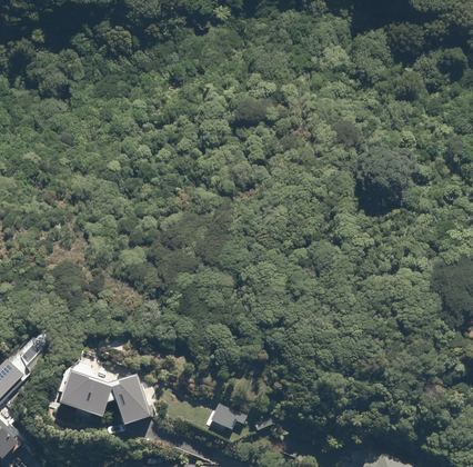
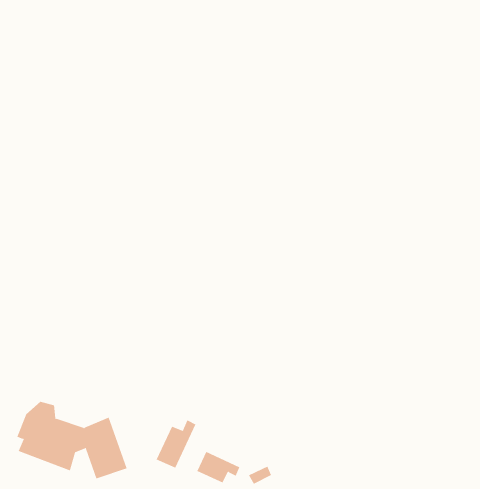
building: none -> [156,420,196,469]

